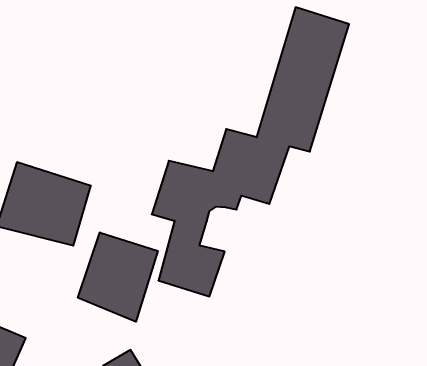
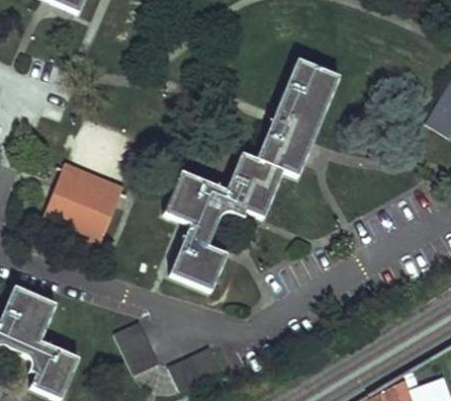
building: [78,232,158,322] -> none

